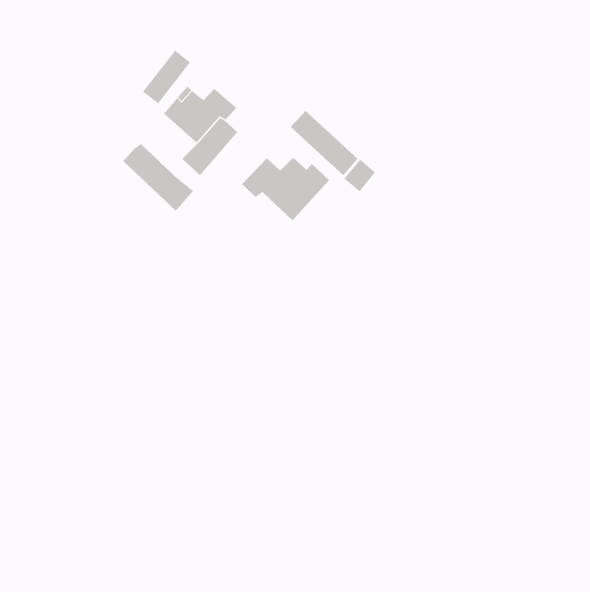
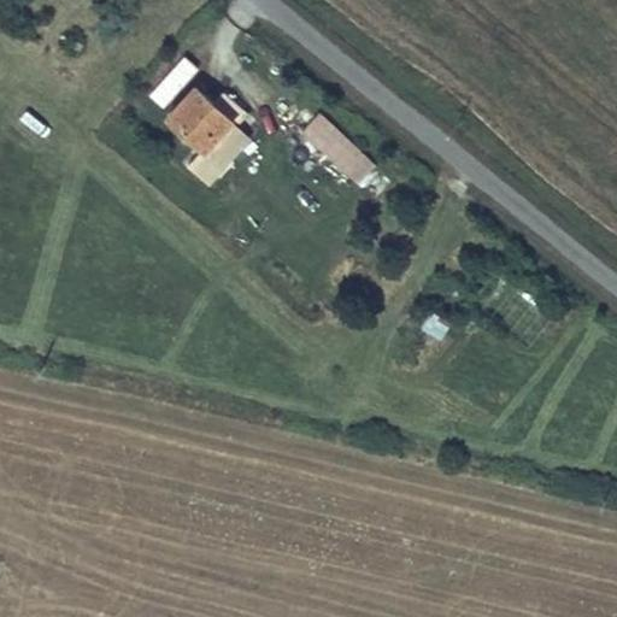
building: [122,143,194,211] -> none
building: [241,157,330,221] -> none

